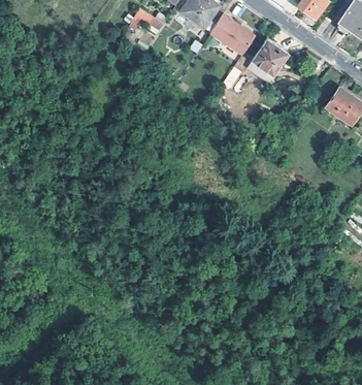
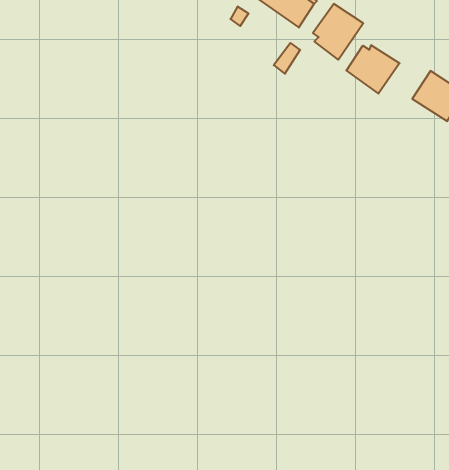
building: none -> [346,45,400,94]

